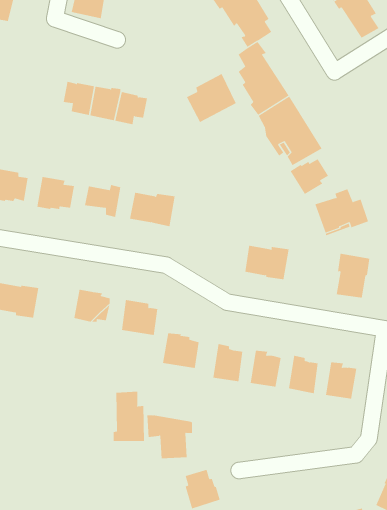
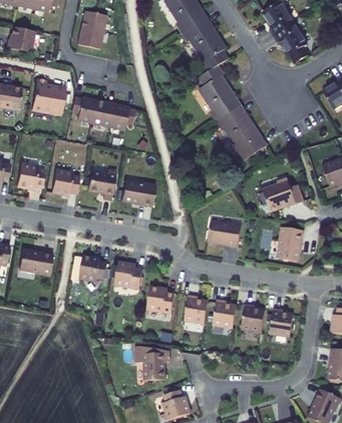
building: none -> [31,78,65,115]
building: [186,73,237,123] -> none
building: [290,159,329,195] -> none
building: [113,391,145,442] -> none

